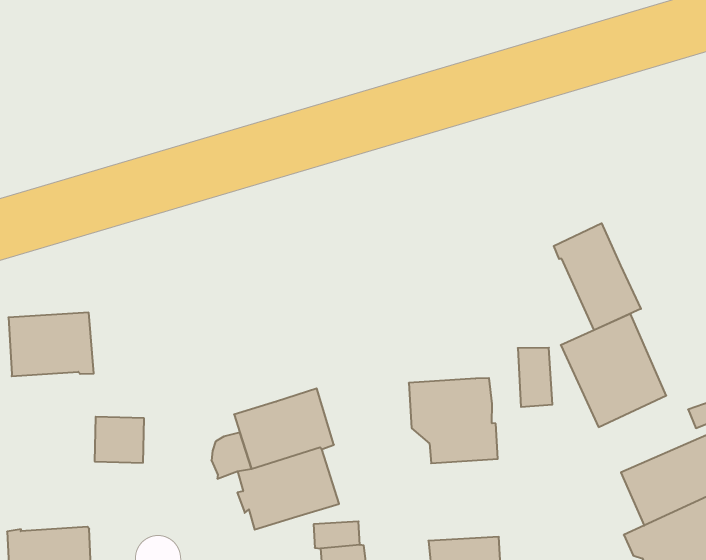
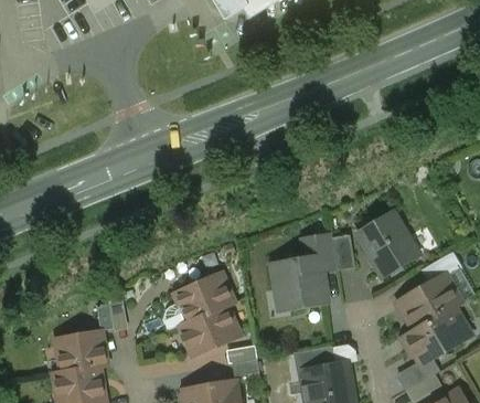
building: [554,223,641,330] -> none
building: [8,313,94,376] -> [55,331,107,372]
building: none -> [300,234,337,271]

